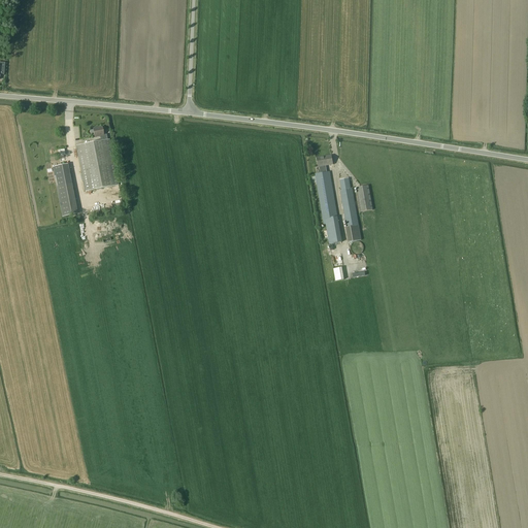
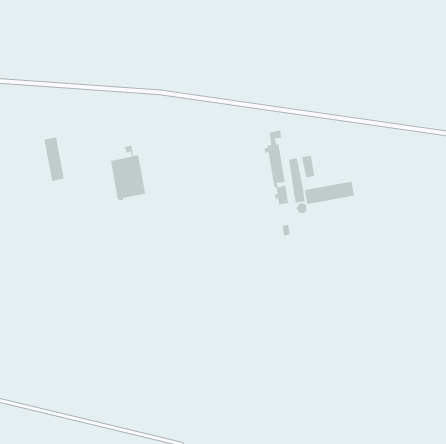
building: [76,126,119,192] -> [110,145,146,201]
building: none -> [304,181,355,205]

